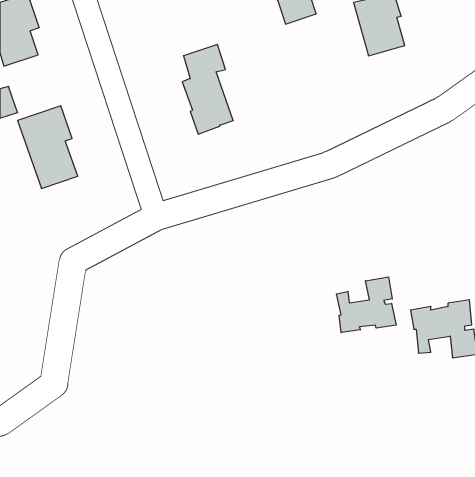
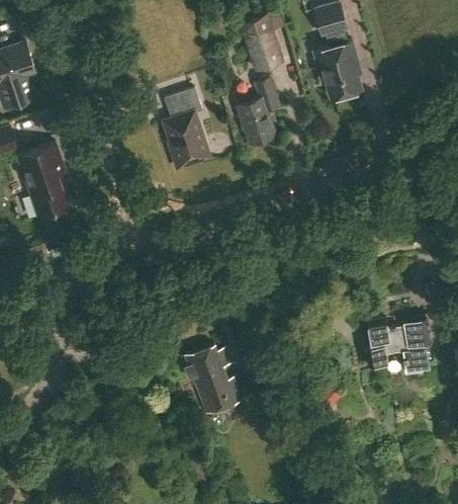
building: none -> [237,79,279,145]
building: [337,277,396,333] -> none
building: none -> [186,346,243,416]

